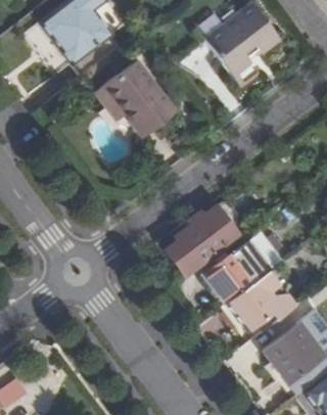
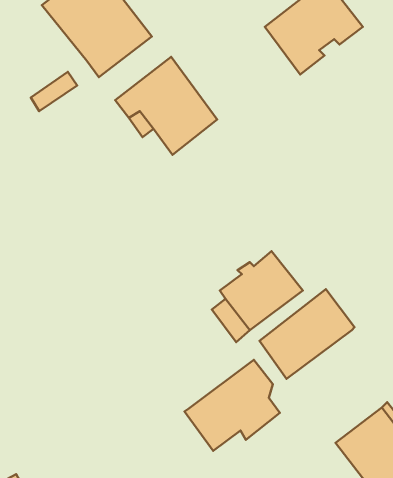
building: [222,266,293,334] -> [185,360,280,451]

